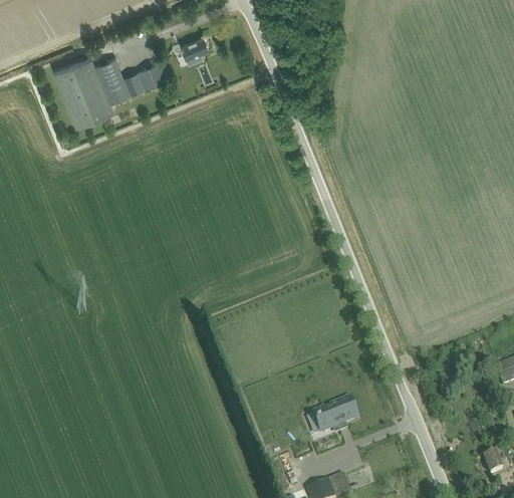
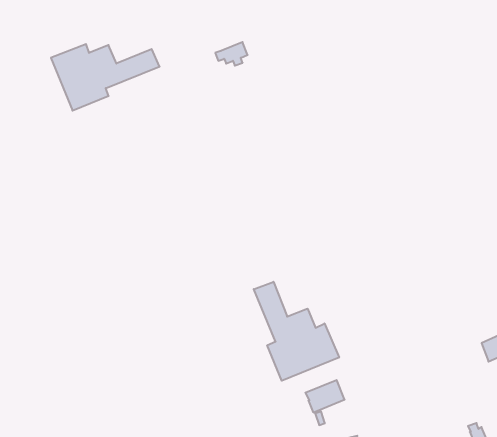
building: [174,38,207,62] -> [215,42,248,66]
building: none -> [254,282,339,381]

